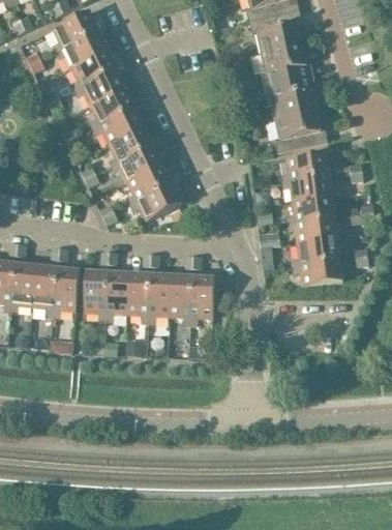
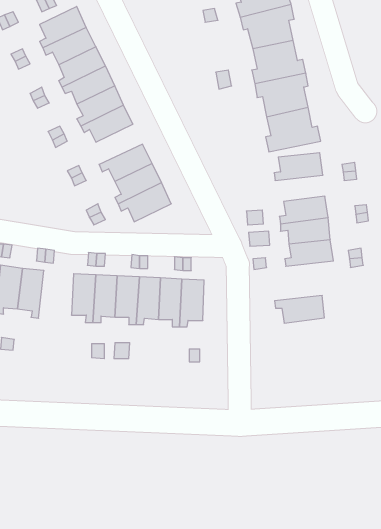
building: [107,124,152,164] -> none
building: [281,174,330,200] -> none
building: [292,258,340,285] -> [275,296,324,323]
building: [51,267,78,315] -> none

